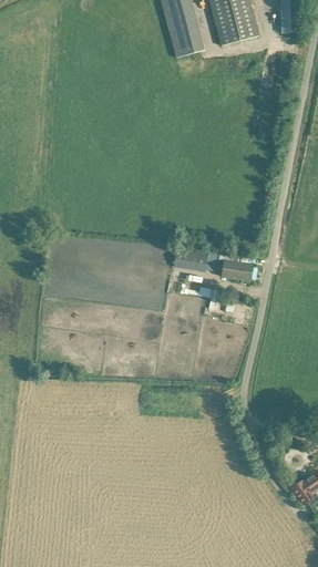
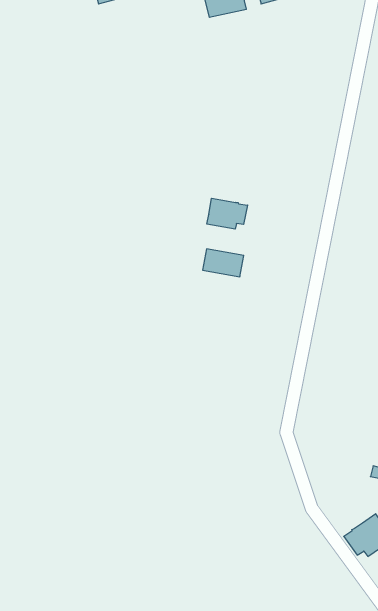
building: none -> [207,198,248,229]
building: [222,259,252,280] -> none

